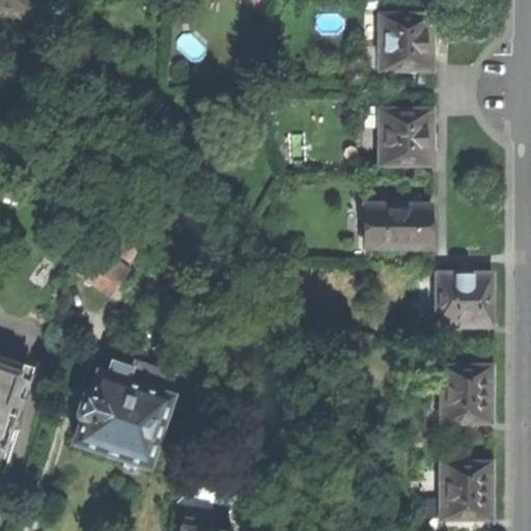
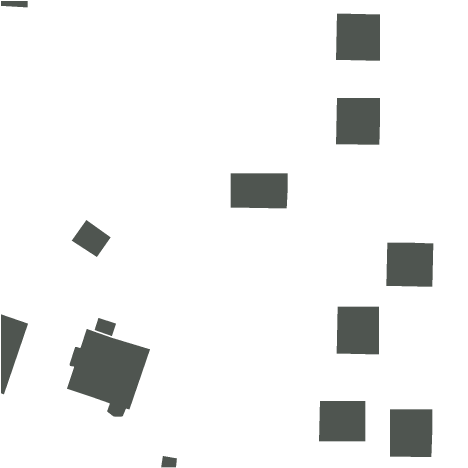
building: [365,205,431,247] -> [230,172,288,209]
building: [441,366,491,422] -> [336,306,380,355]
building: none -> [318,400,366,442]

